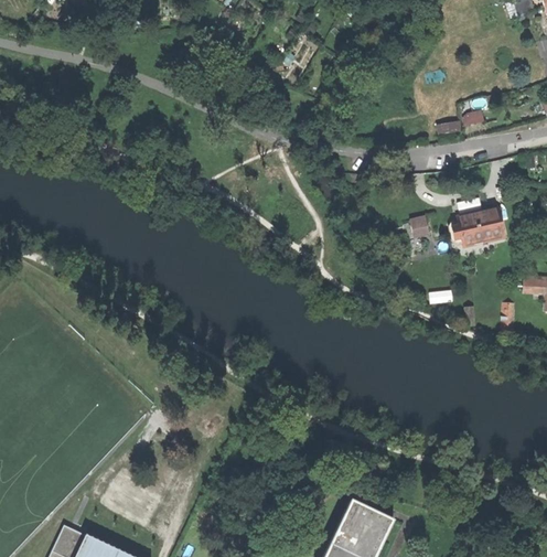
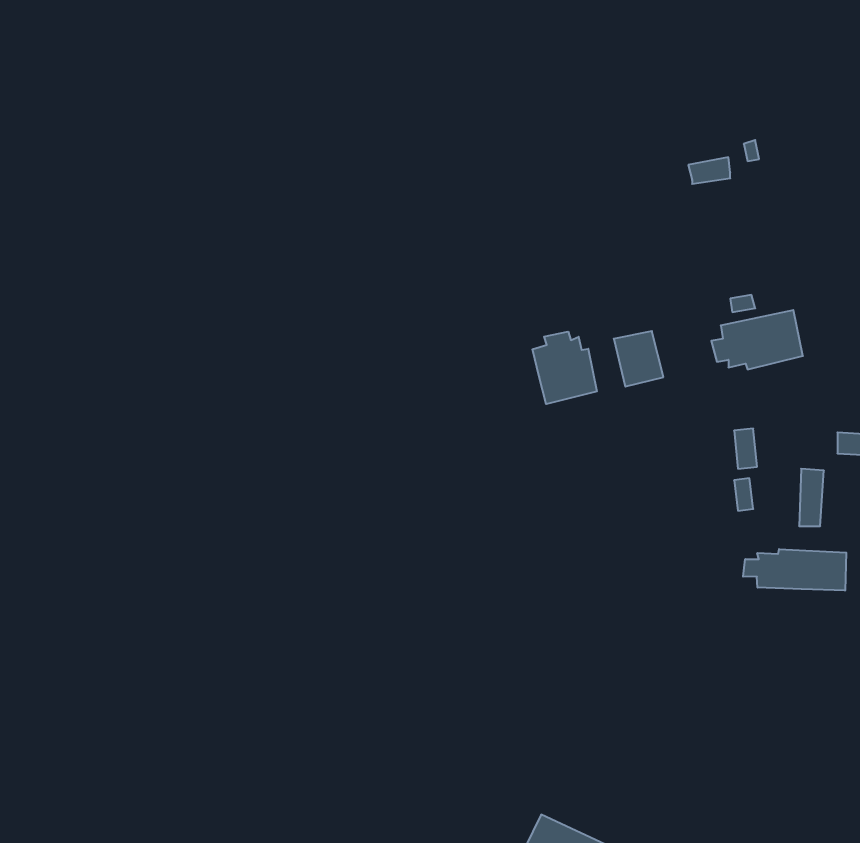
building: none -> [532,332,597,404]
building: none -> [743,549,846,591]

